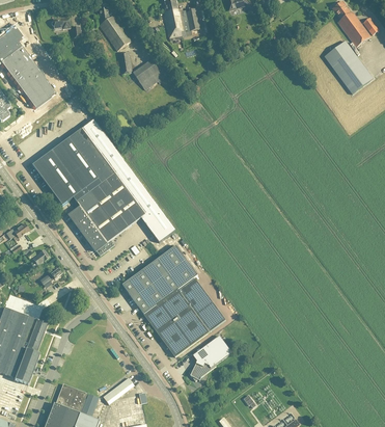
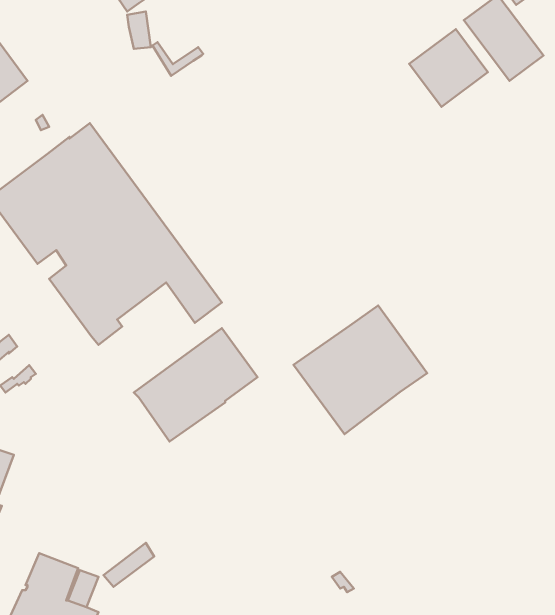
building: none -> [409,29,488,107]
building: [142,277,224,356] -> [294,306,427,434]
building: [187,335,230,380] -> none

